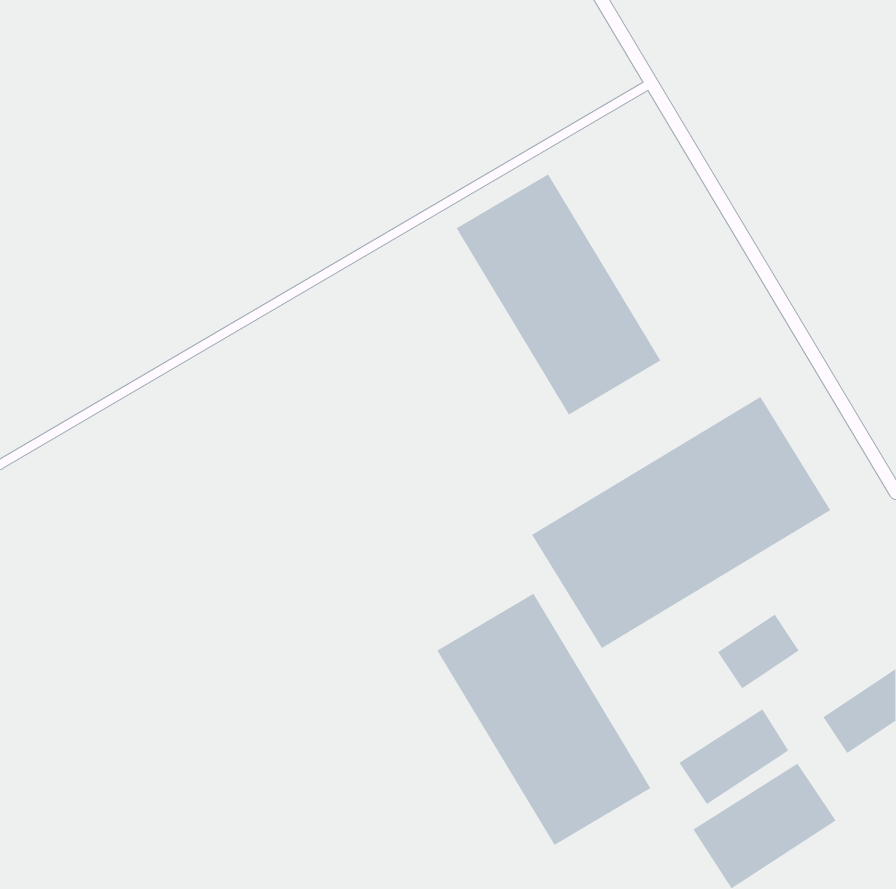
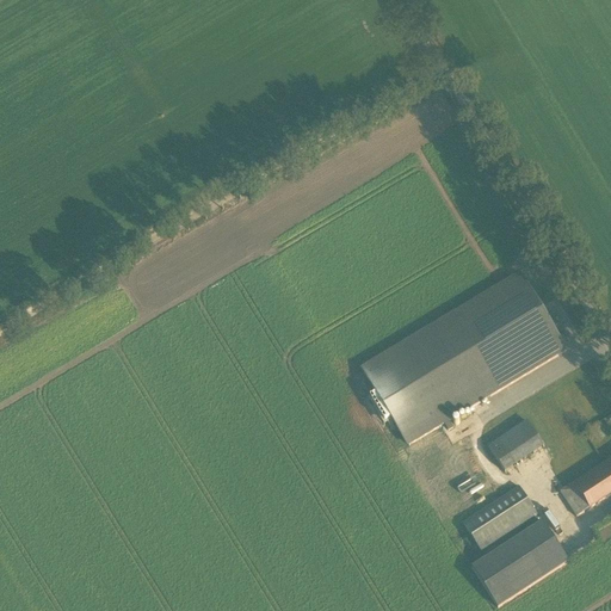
building: [456,173,661,415] -> none
building: [436,593,651,846] -> none

